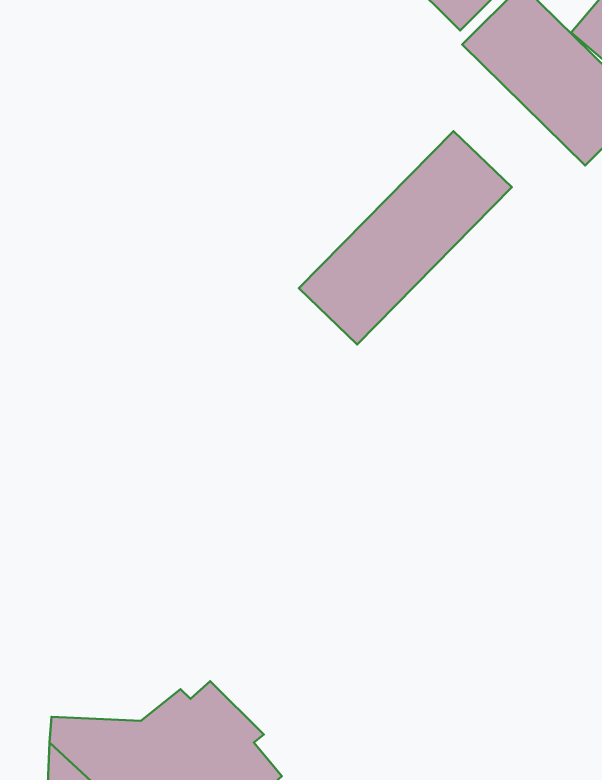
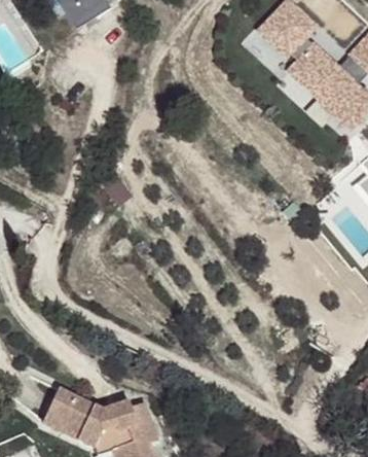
building: [299,131,512,344] -> none

